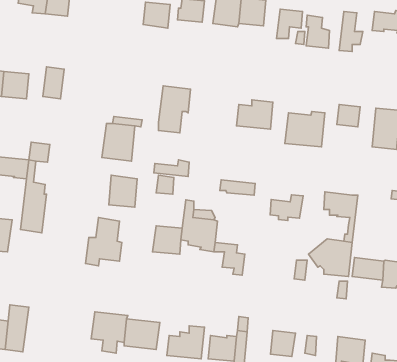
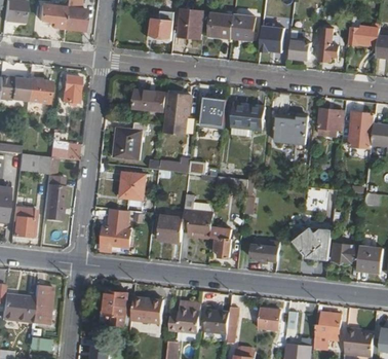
building: none -> [135,89,163,111]
building: none -> [200,95,229,129]
building: [270,195,303,221] -> [250,239,279,261]

